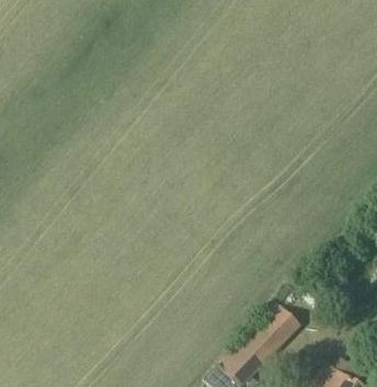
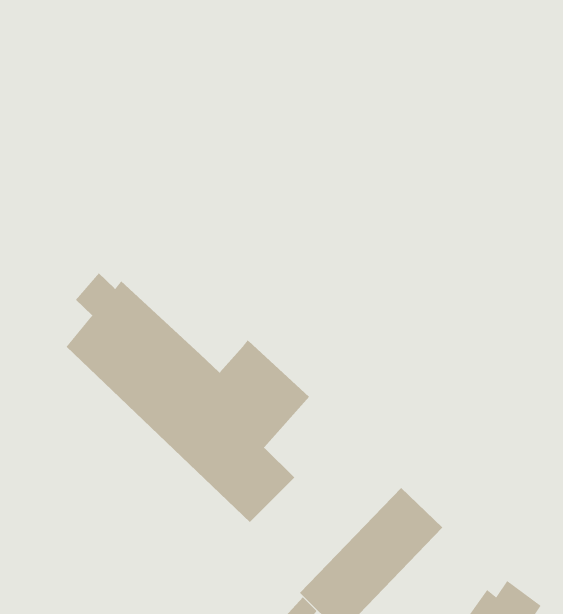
building: none -> [66,272,310,523]

